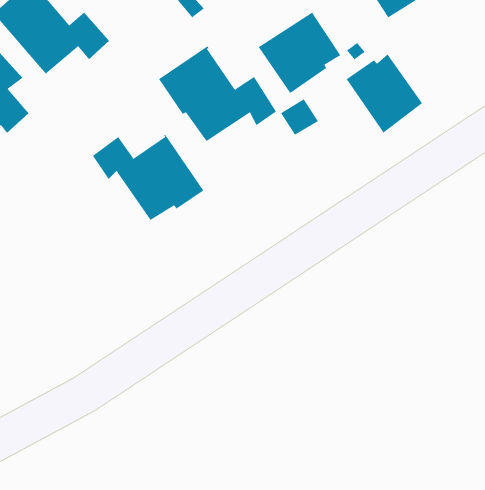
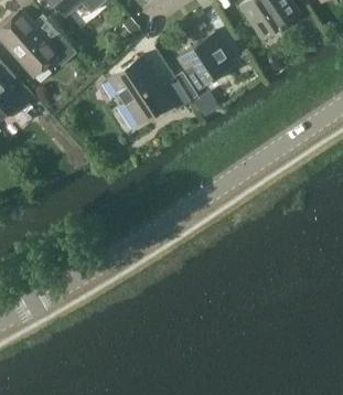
building: [346,54,423,133] -> none
building: [92,134,204,221] -> none

